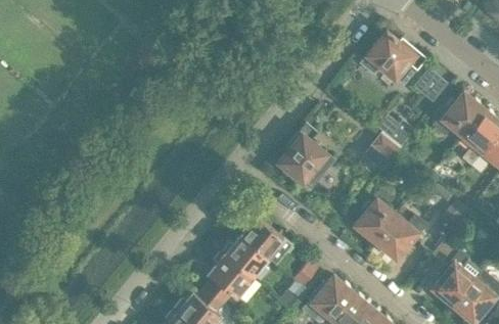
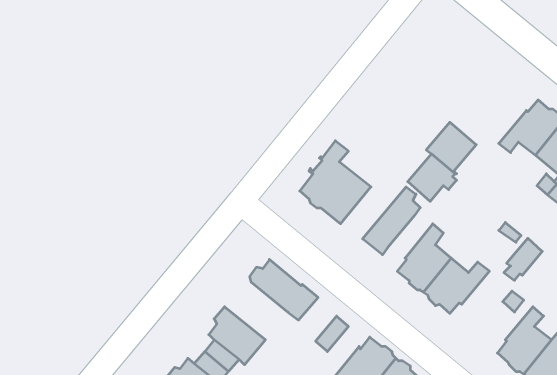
building: [360,33,424,87] -> none
building: [415,66,449,101] -> none
building: none -> [363,187,420,255]
building: [220,234,269,279] -> none

